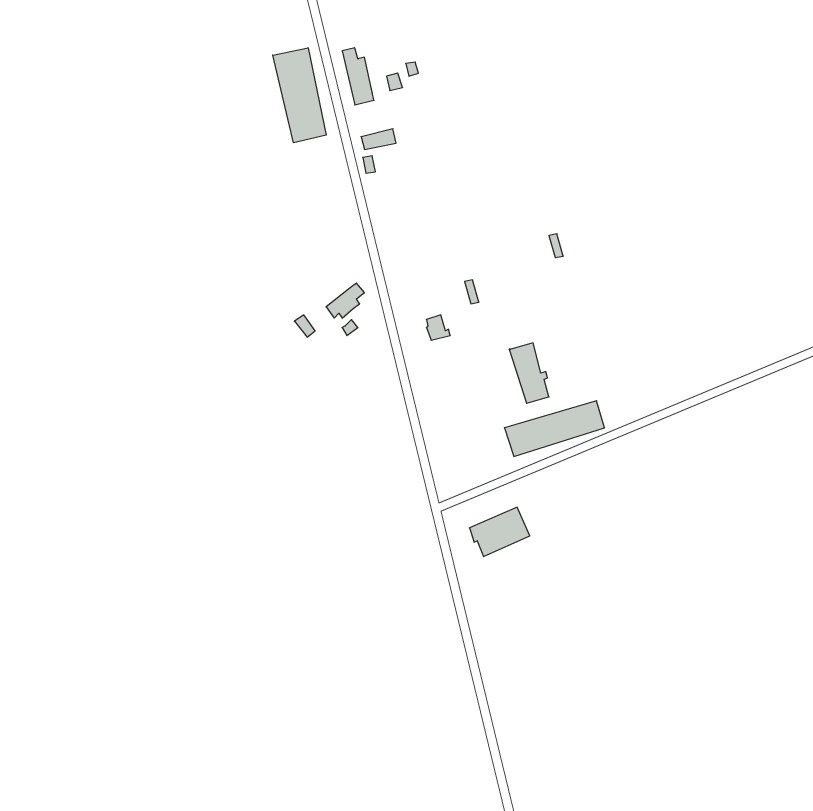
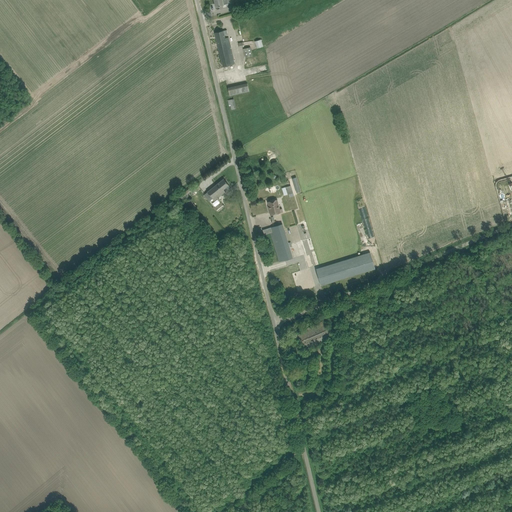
building: [273,48,326,143] -> none
building: [509,343,549,403] -> [268,223,293,261]

